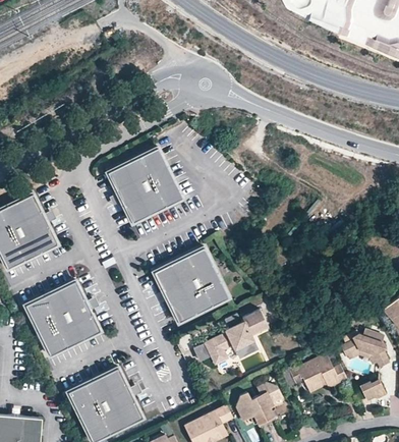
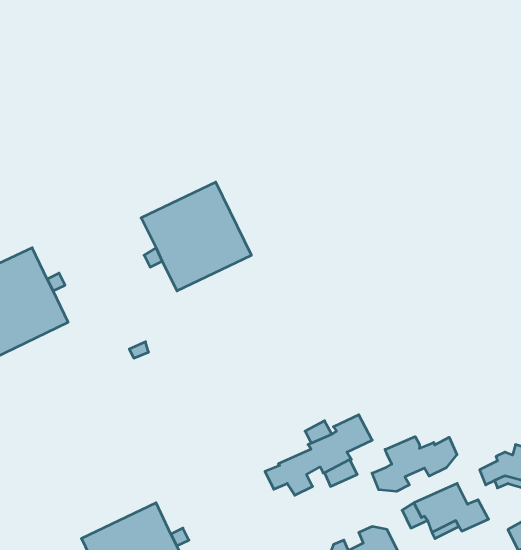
building: [156,247,231,323] -> none
building: [26,281,101,355] -> none
building: none -> [372,437,457,491]

